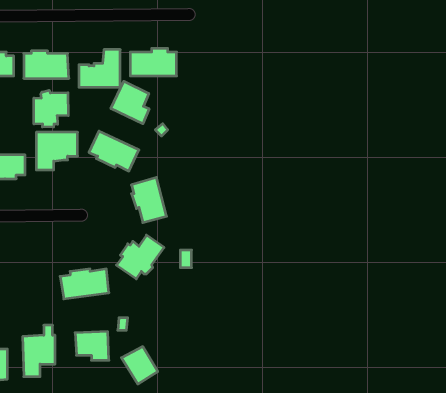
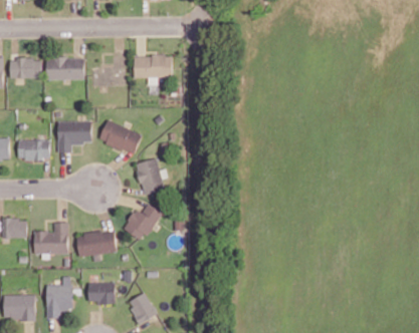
building: [111,81,149,124] -> none
building: [34,90,68,127] -> none
building: none -> [34,223,67,254]

